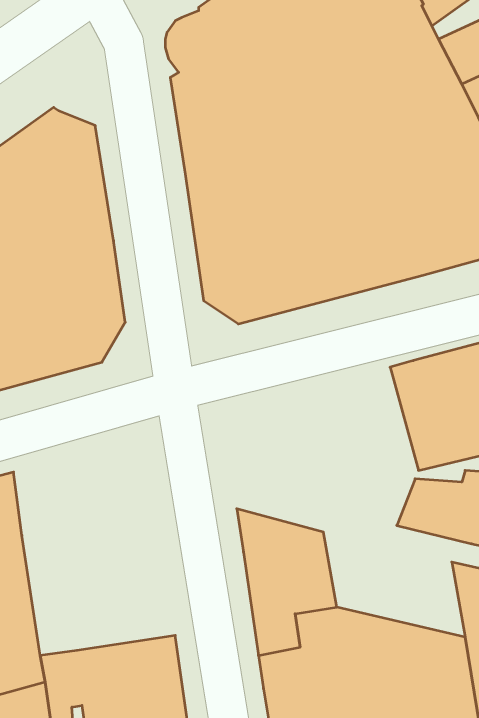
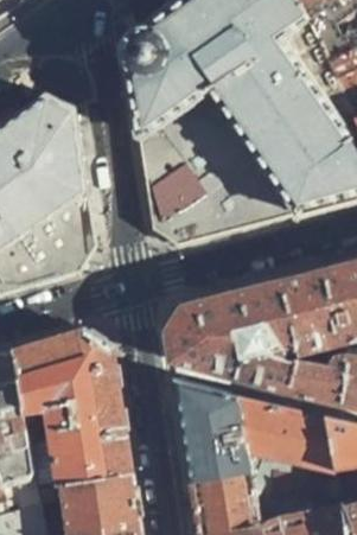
building: none -> [166,278,304,390]
building: none -> [15,331,130,479]
building: none -> [236,395,337,470]

